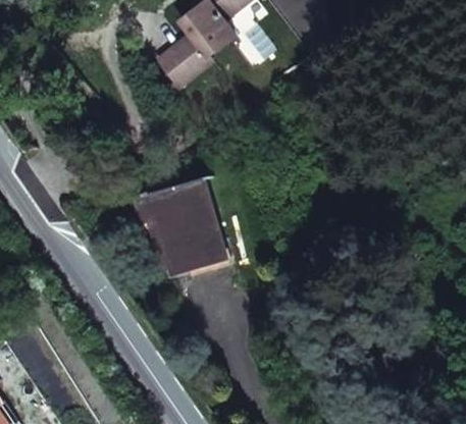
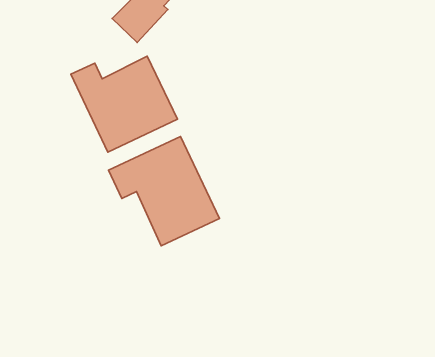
building: none -> [71,56,177,152]

